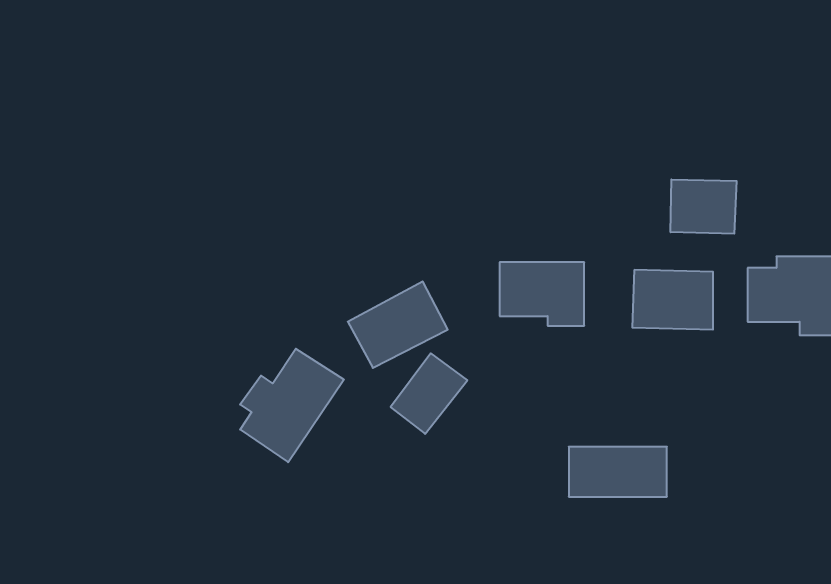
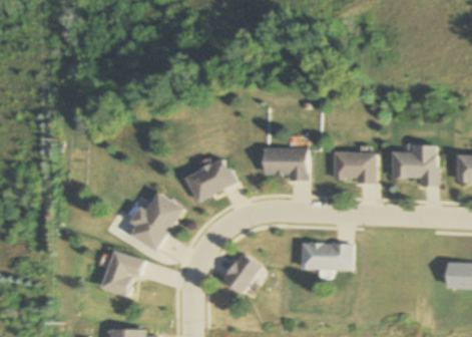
building: [671,179,737,234] -> none
building: [391,353,467,434] -> [220,252,261,294]
building: none -> [100,250,142,295]

